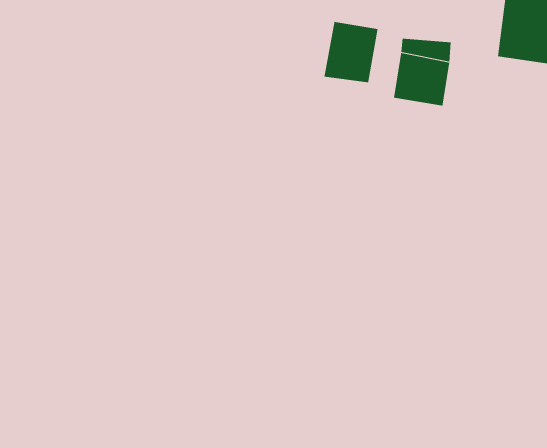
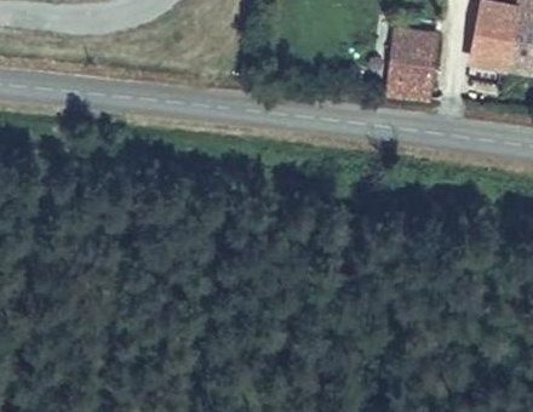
building: [324,21,378,83] -> none

